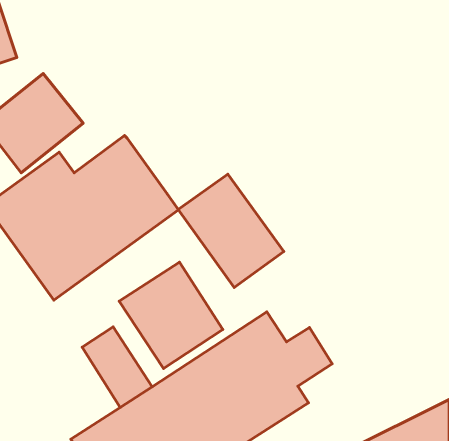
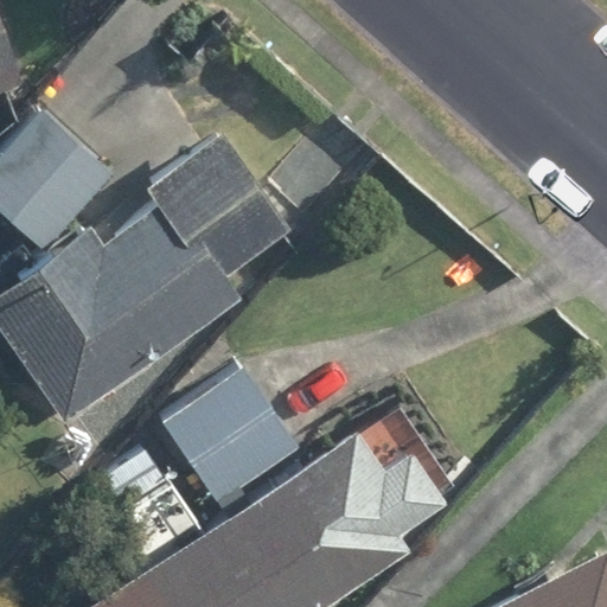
building: none -> [158,136,288,275]
building: [178,174,284,288] -> none

